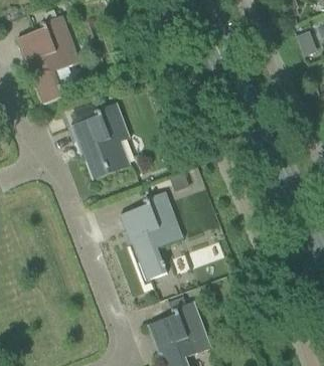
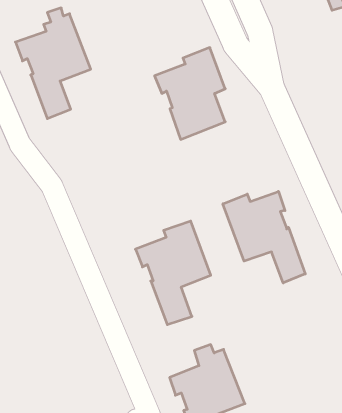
building: [70,101,131,179] -> [155,48,225,139]
building: none -> [223,191,305,283]

